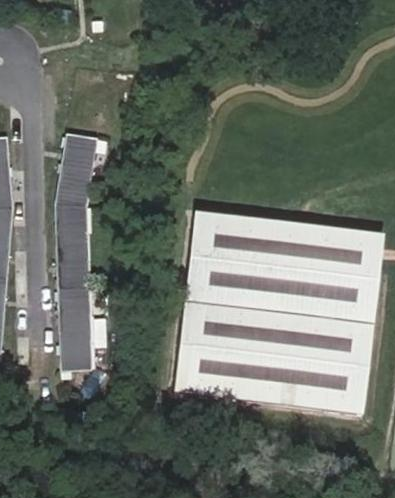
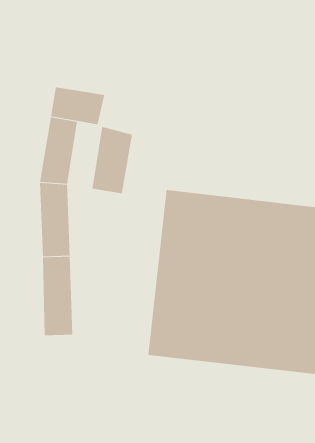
building: none -> [51,86,105,125]
building: none -> [92,126,133,194]

